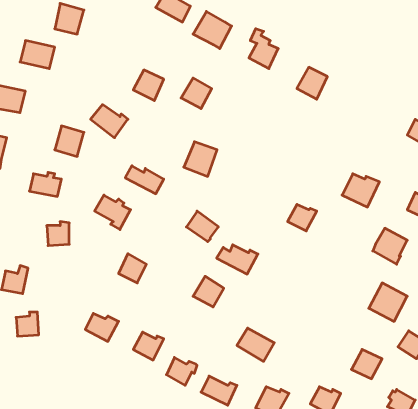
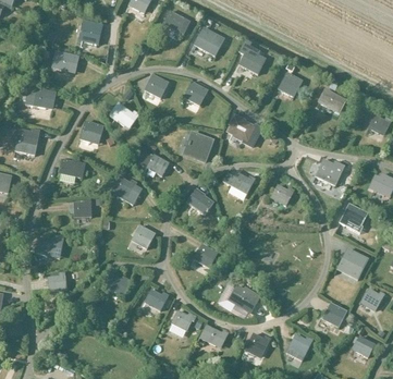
building: none -> [315,88,347,120]
building: none -> [228,119,261,146]
building: [217,245,258,274] -> [222,171,256,195]

